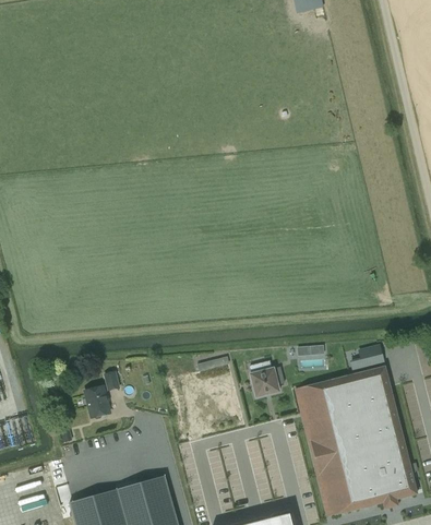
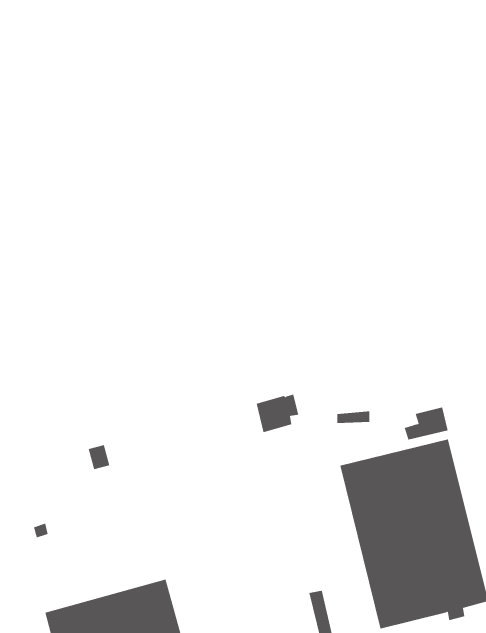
building: [250,368,284,398] -> [256,394,299,433]
building: [84,387,109,420] -> none

